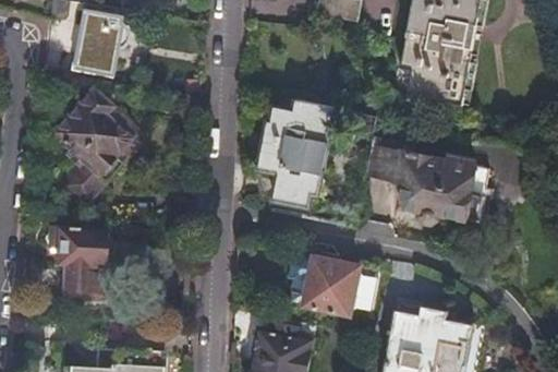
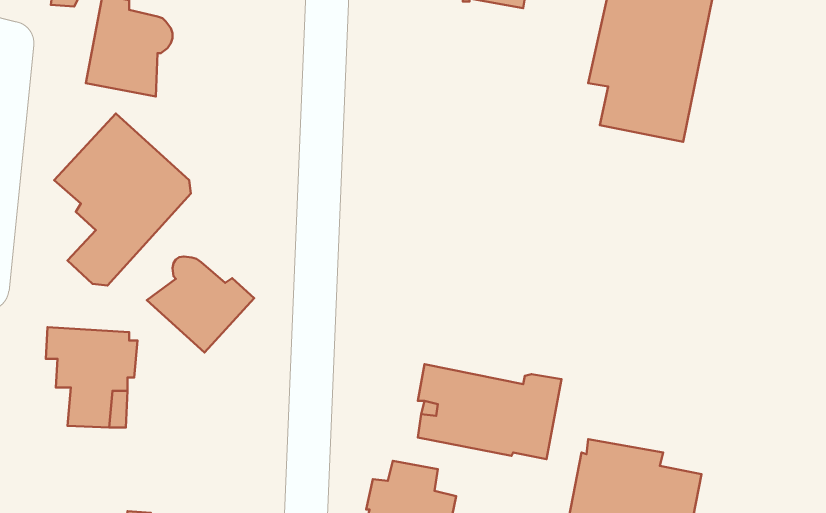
building: [260,100,335,207] -> none
building: [365,137,489,224] -> none
building: none -> [147,256,254,353]

